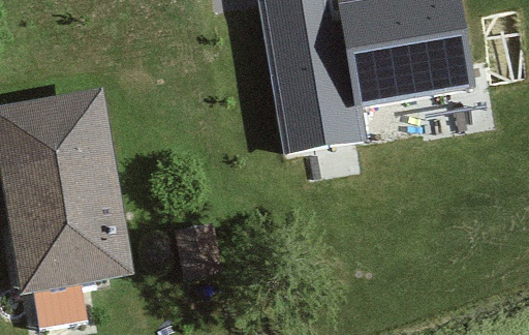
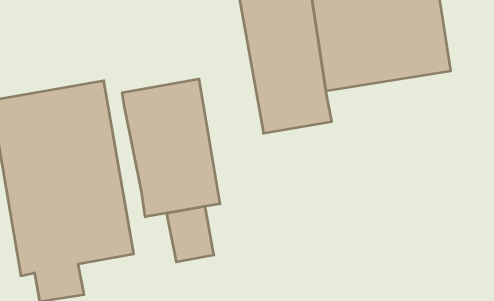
building: none -> [122,79,220,217]

